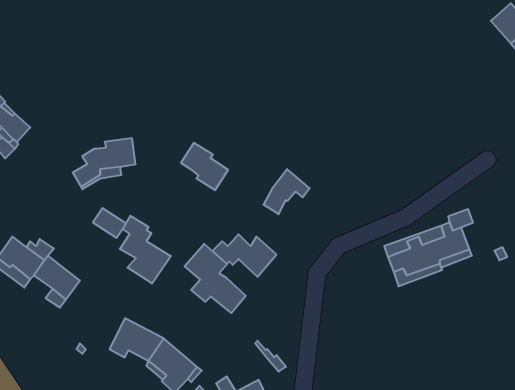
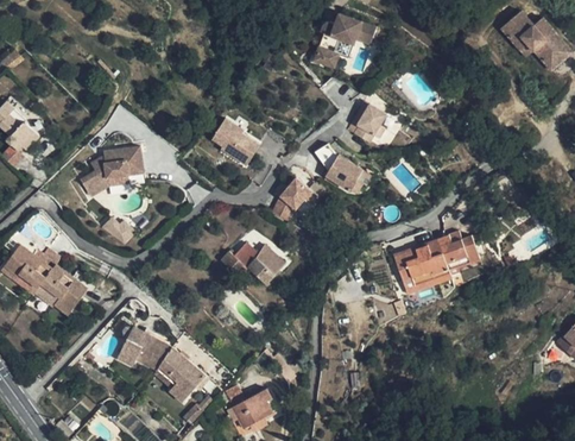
building: none -> [312,12,375,68]
building: none -> [353,102,384,139]
building: none -> [312,143,362,190]
building: [181,143,228,190] -> [213,115,260,163]
building: [120,216,171,284] -> none
building: [185,244,246,313] -> none

